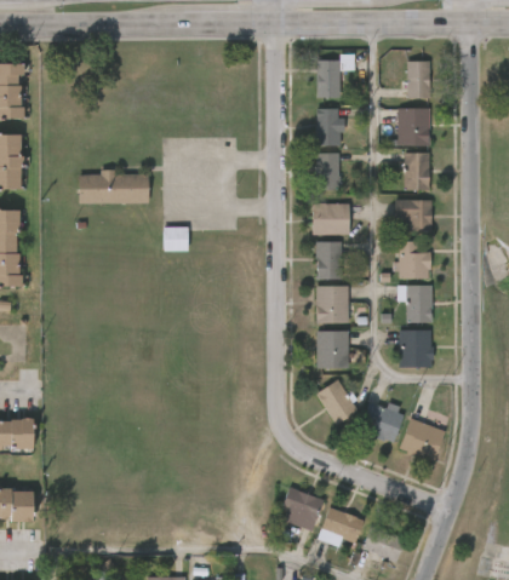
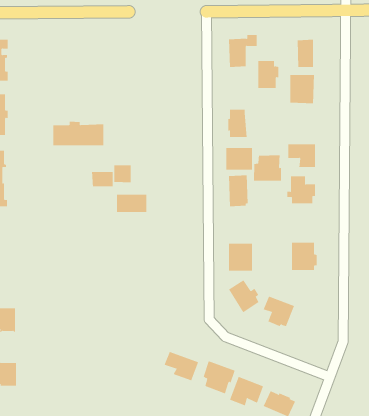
building: [315,109,344,147] -> [257,60,279,89]
building: [404,153,428,190] -> none
building: none -> [253,155,282,181]
building: none -> [91,171,113,187]
building: none -> [117,194,147,213]
building: [315,286,348,323] -> none
building: [396,286,431,322] -> none
building: [399,419,445,463] -> none
building: none -> [164,351,199,381]

